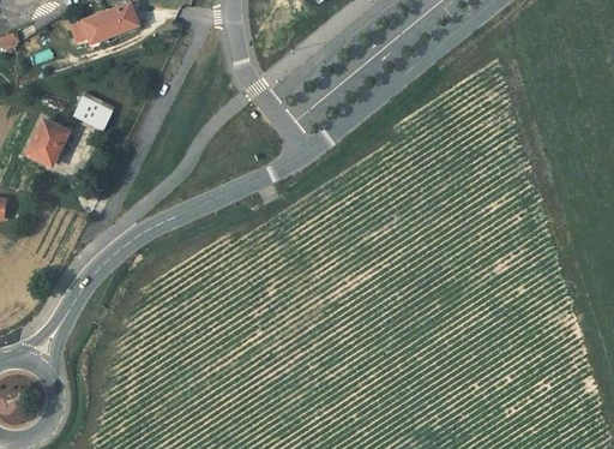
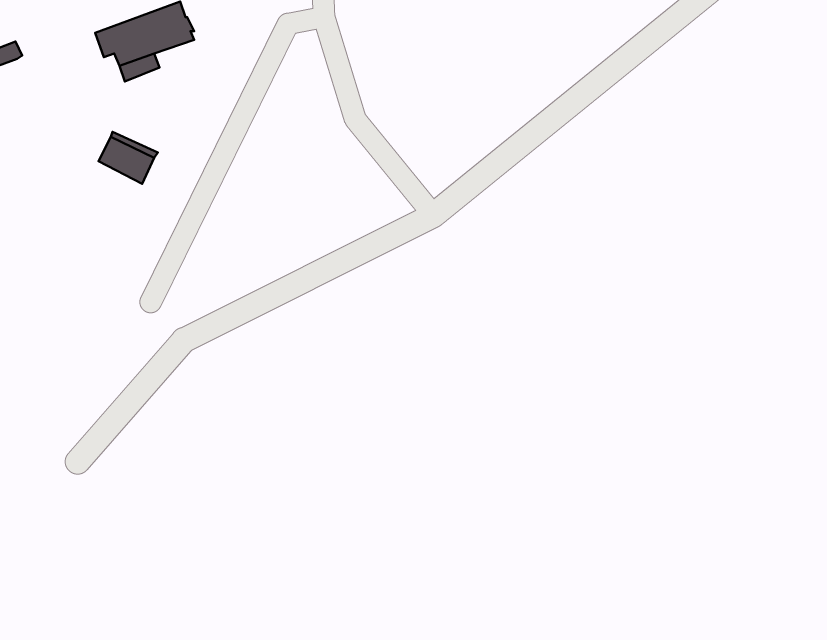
building: [26,120,68,163] -> none

